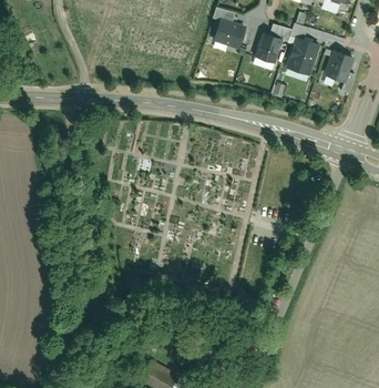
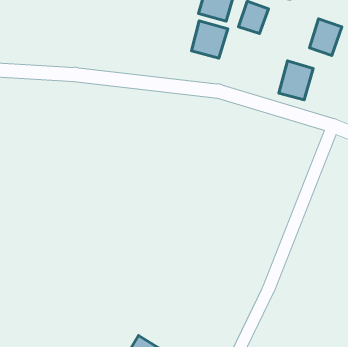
building: [286,37,320,75] -> [279,61,313,100]
building: none -> [191,21,228,58]

